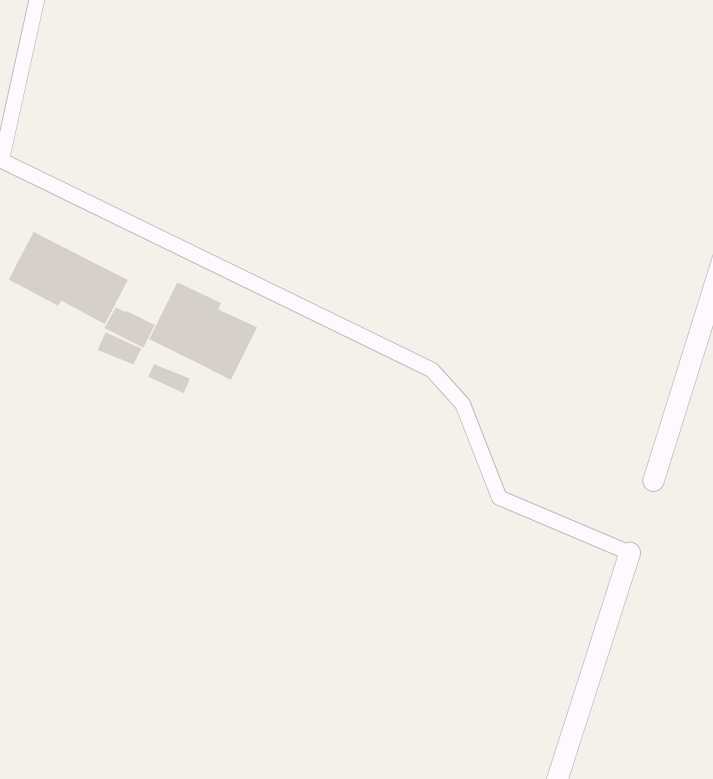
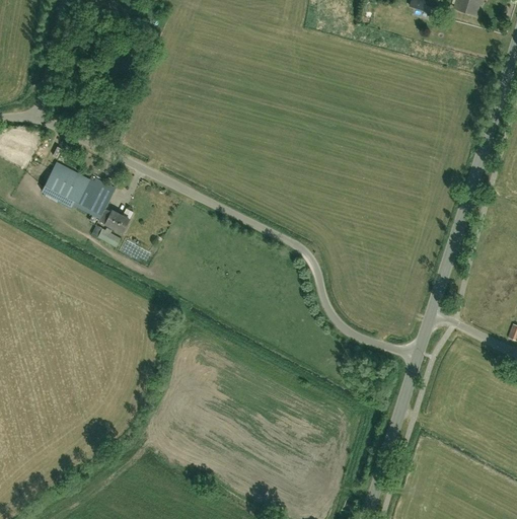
building: [149,282,258,381] -> none

